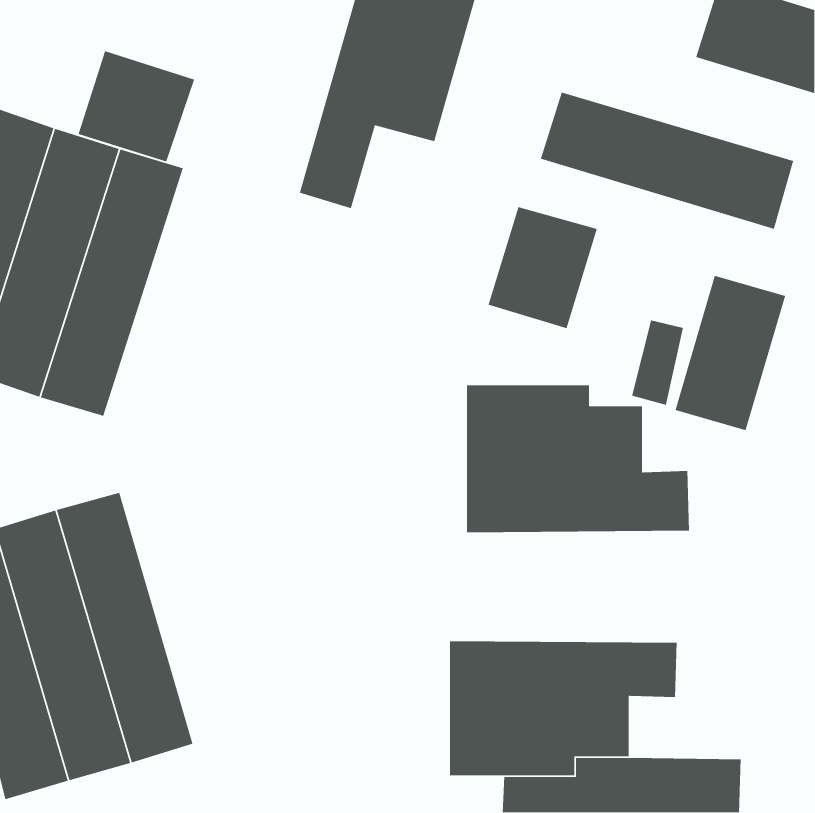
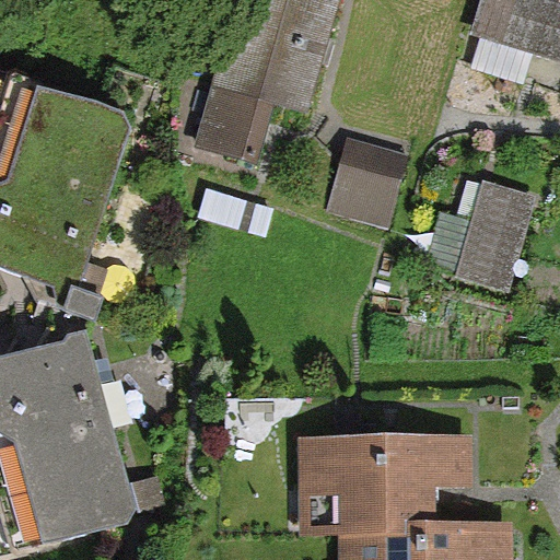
building: [78,50,195,163] -> none
building: [540,92,794,230] -> none
building: [466,385,690,533] -> none

